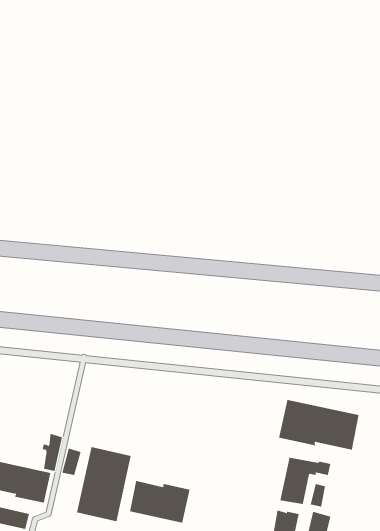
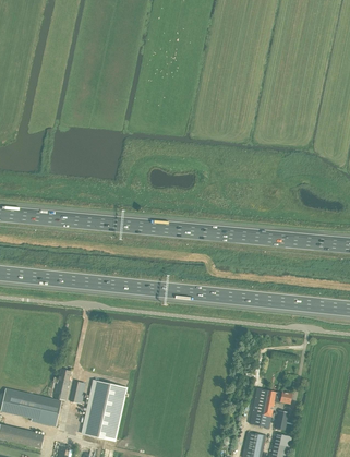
building: [279,399,359,450] -> none
building: [129,480,190,523] -> none

